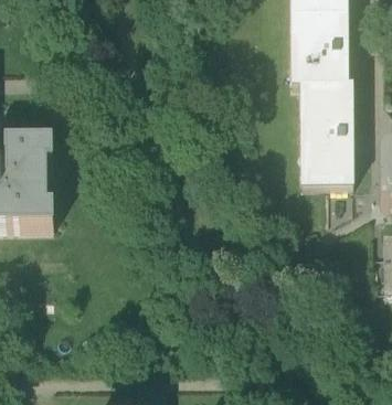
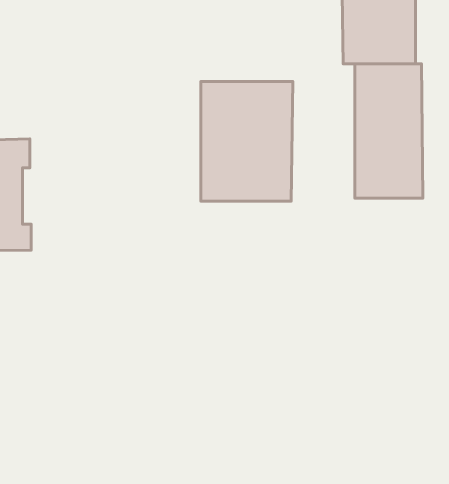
building: none -> [201,82,293,201]

